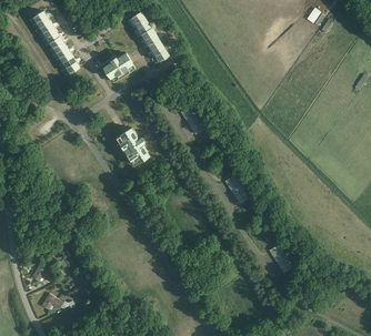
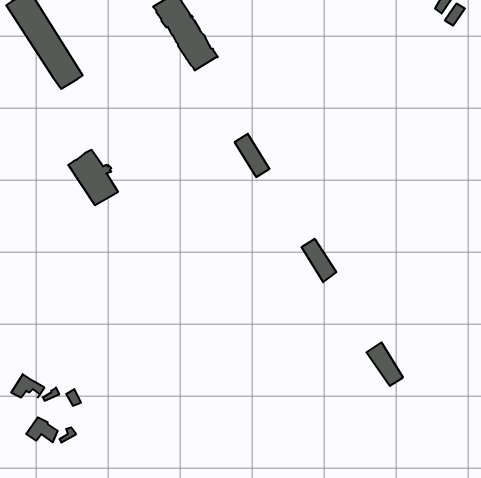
building: [103,52,134,81] -> none
building: [116,126,149,163] -> [68,150,118,205]

